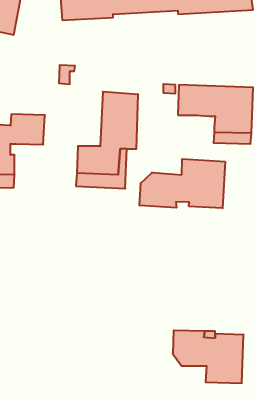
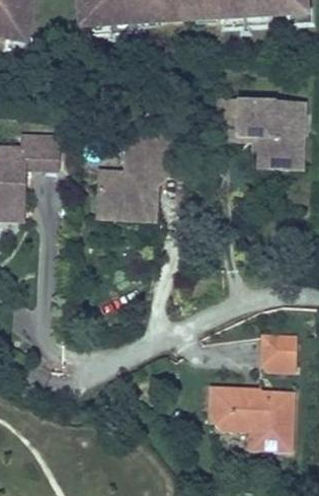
building: [140,159,225,208] -> none
building: none -> [261,335,296,372]

